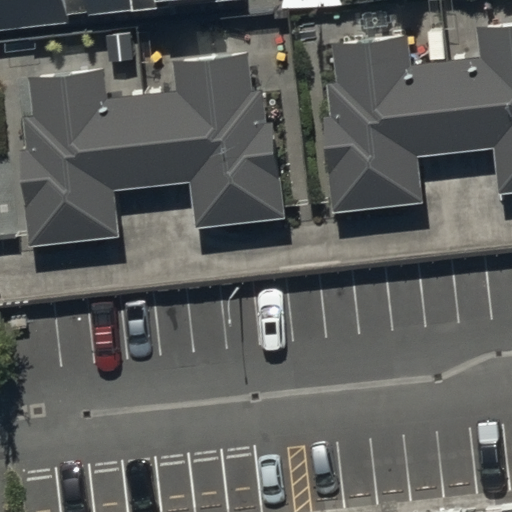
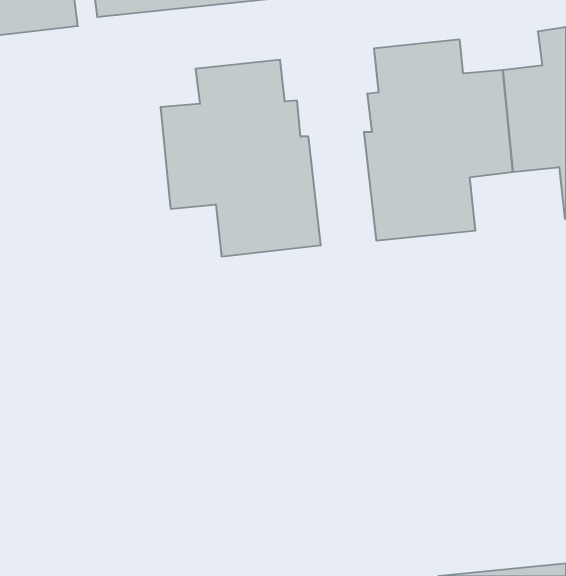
building: [19,67,151,246] -> none

